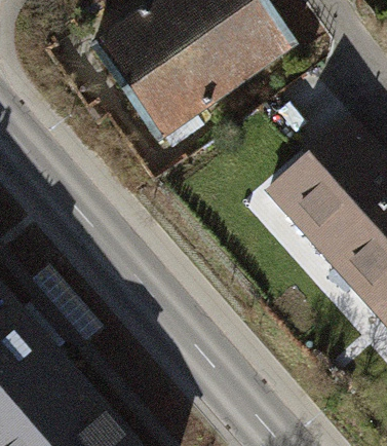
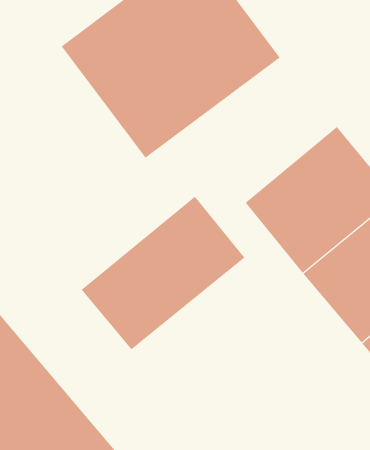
building: none -> [81,196,245,350]

